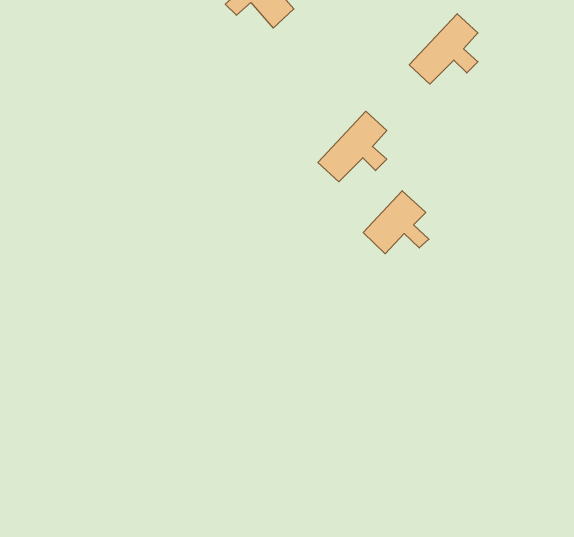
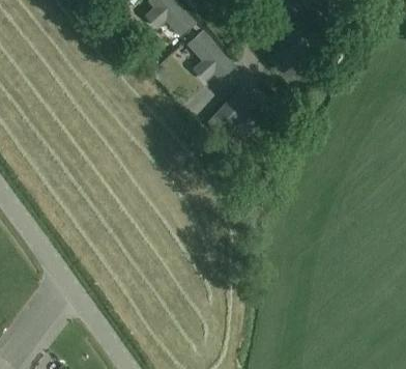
building: none -> [188,31,233,77]
building: [363,191,429,254] -> none

